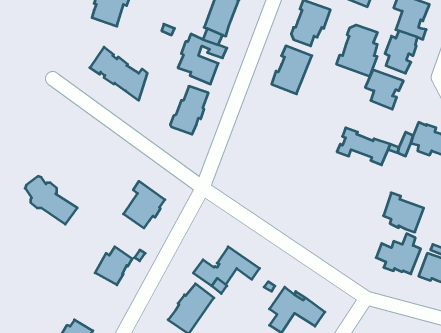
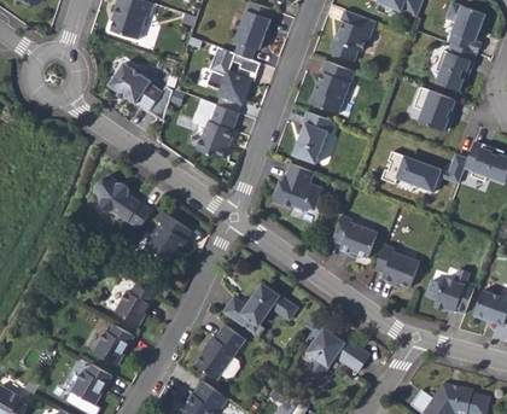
building: [337,25,377,76] -> none
building: none -> [292,111,334,163]
building: none -> [272,163,321,211]
building: [25,176,77,224] -> [93,175,151,228]
building: none -> [331,215,377,257]
building: [383,193,424,232] -> [374,244,419,287]
building: none -> [92,323,133,365]

